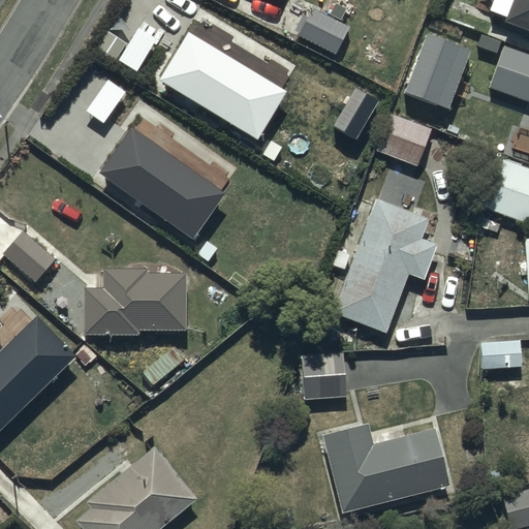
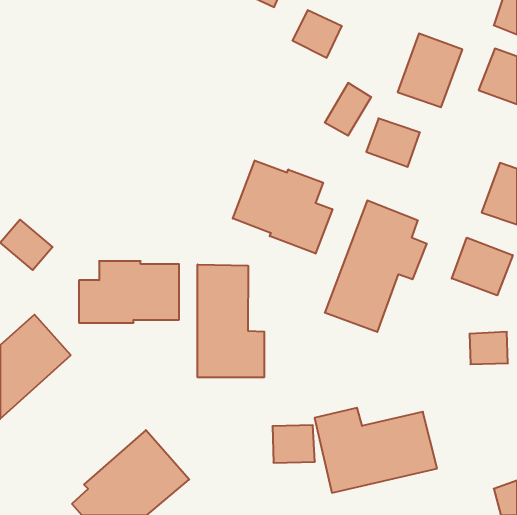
building: [162,31,287,143] -> none
building: [99,130,224,241] -> none
building: none -> [233,160,332,254]
building: none -> [452,238,513,295]
building: none -> [198,264,264,377]
building: [301,359,344,397] -> [272,425,315,463]

